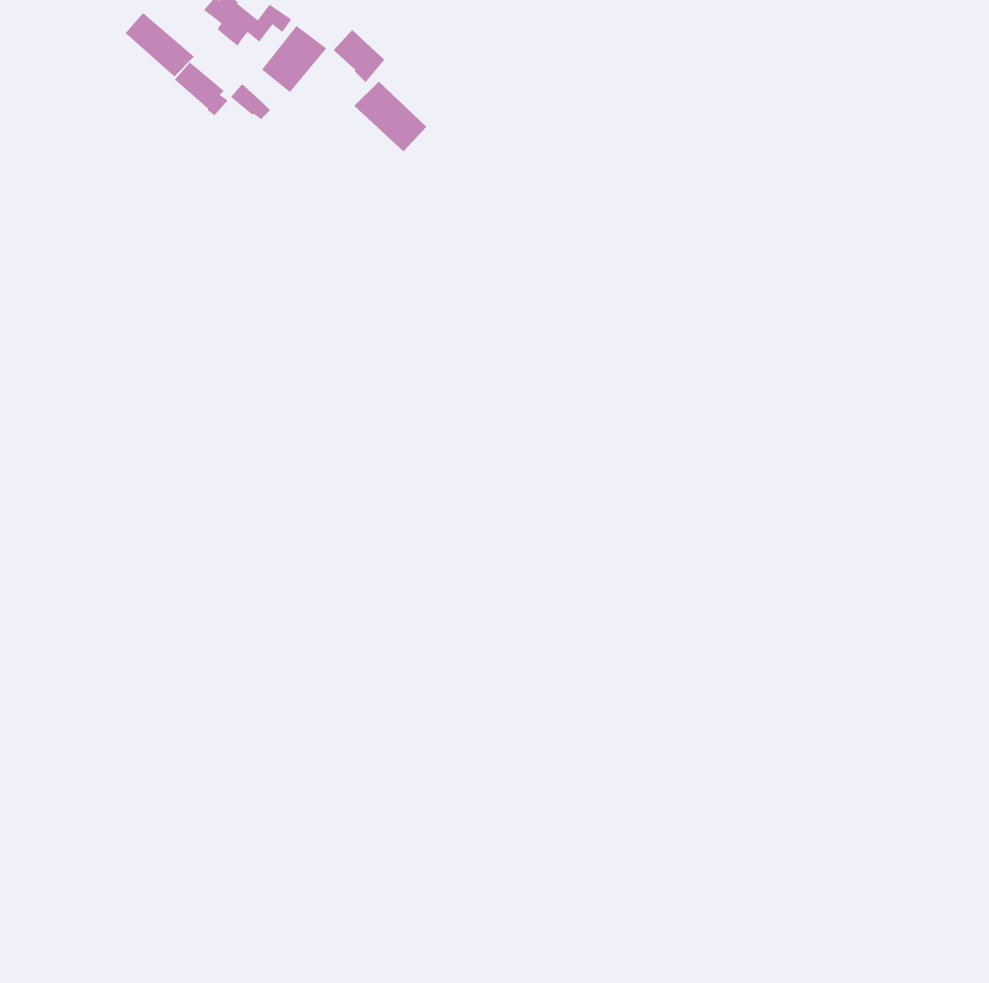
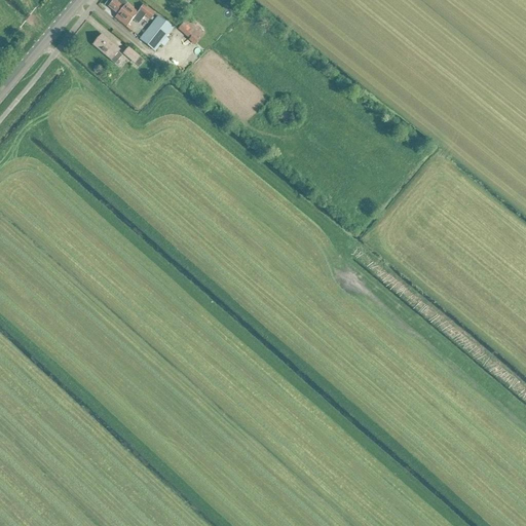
building: [125,12,195,77] -> none
building: [353,81,427,152] -> none

